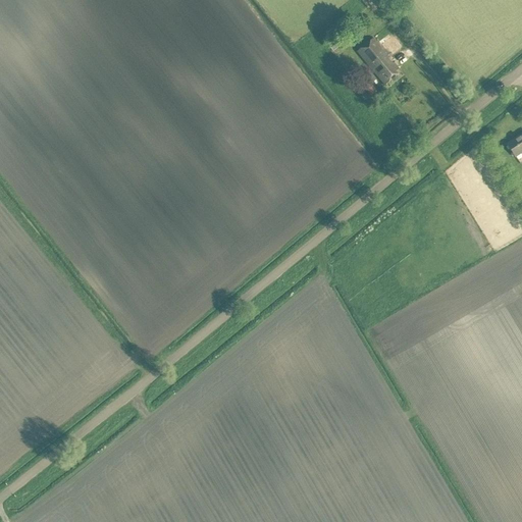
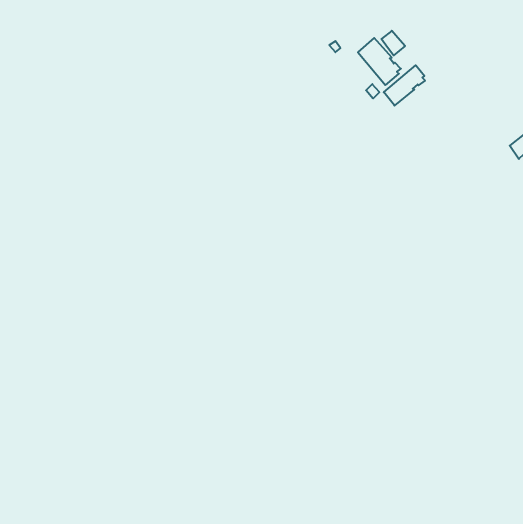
building: none -> [384,65,425,106]

